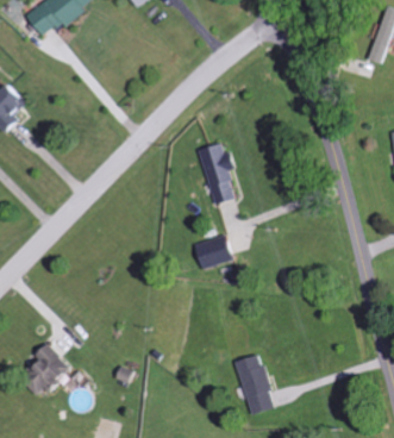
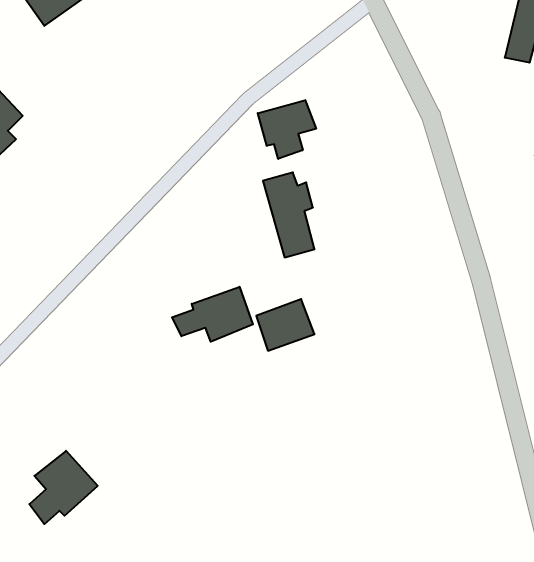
building: none -> [258,100,316,159]
building: none -> [172,287,253,342]
building: [238,353,280,414] -> none

